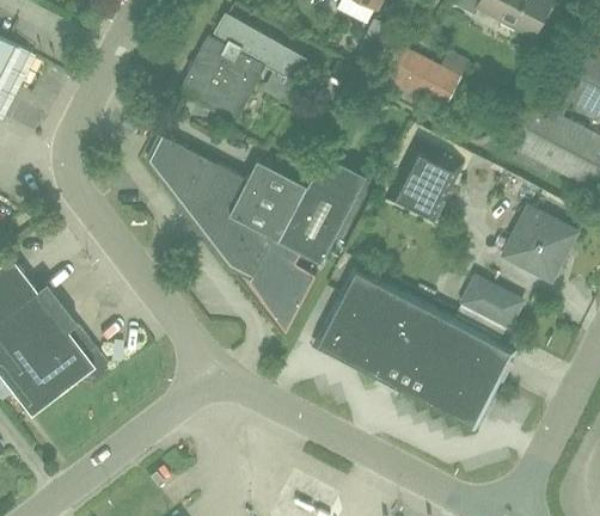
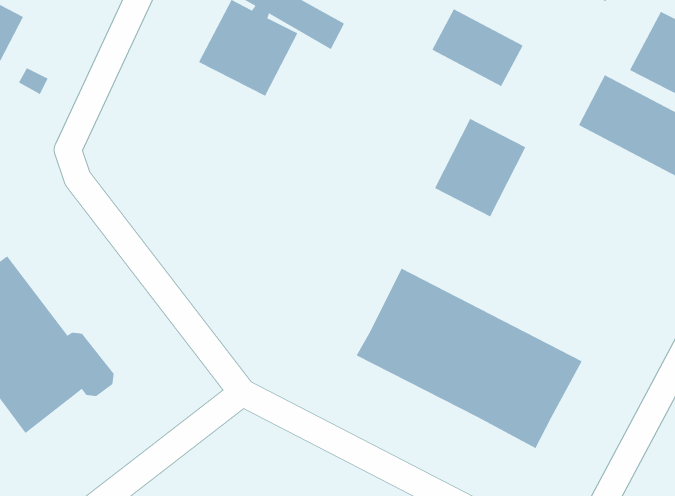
building: [149,136,367,318] -> none
building: [507,210,574,278] -> none
building: [463,278,522,327] -> none

